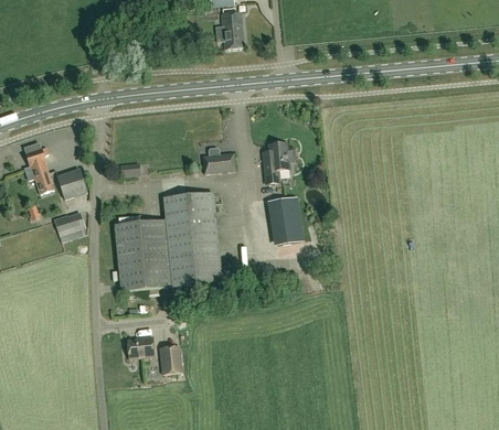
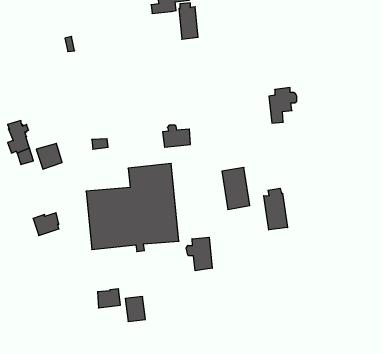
building: [262,141,294,182] -> [269,88,297,123]
building: [54,213,84,239] -> [33,213,59,236]
building: none -> [264,188,288,230]
building: none -> [186,237,212,271]

